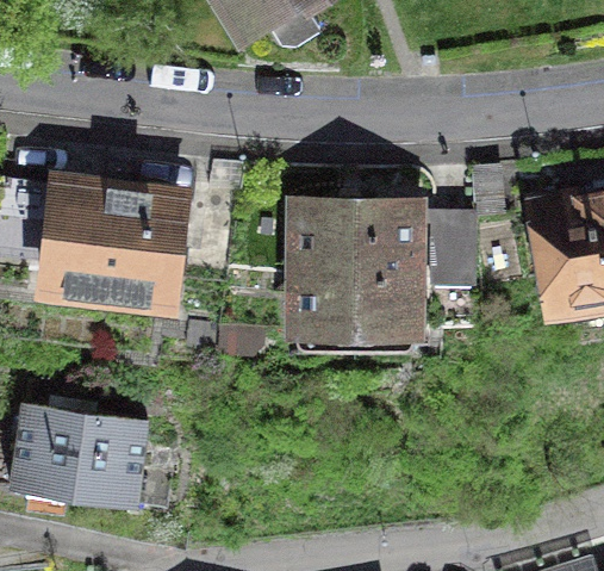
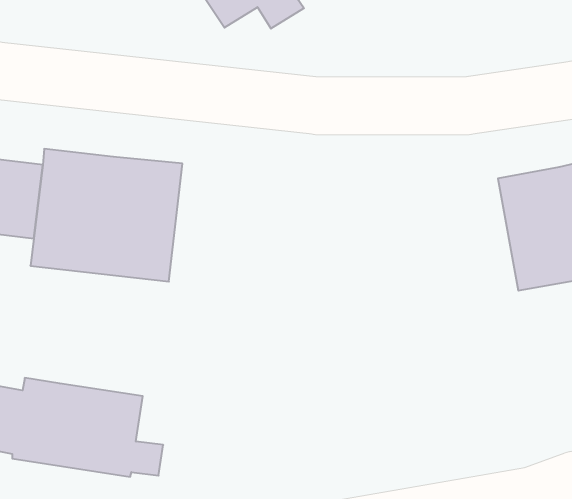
building: [285,197,480,336] -> none

